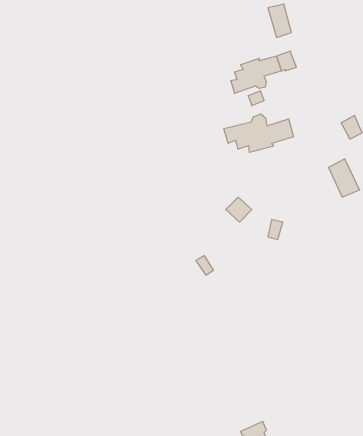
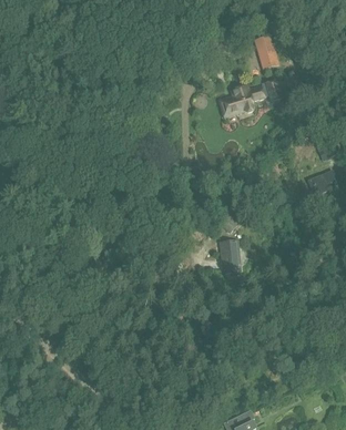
building: [224,114,293,152] -> none
building: none -> [220,239,240,273]

